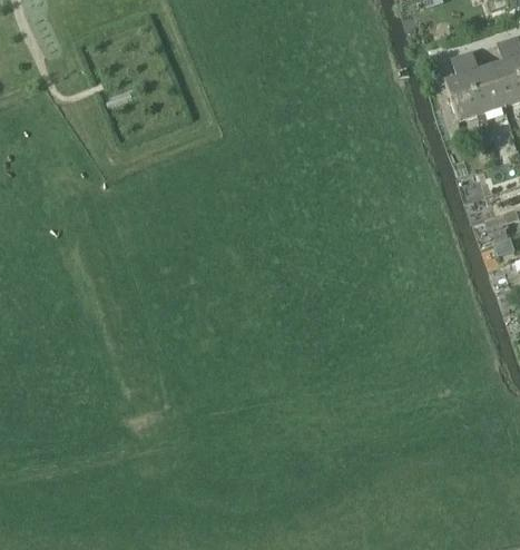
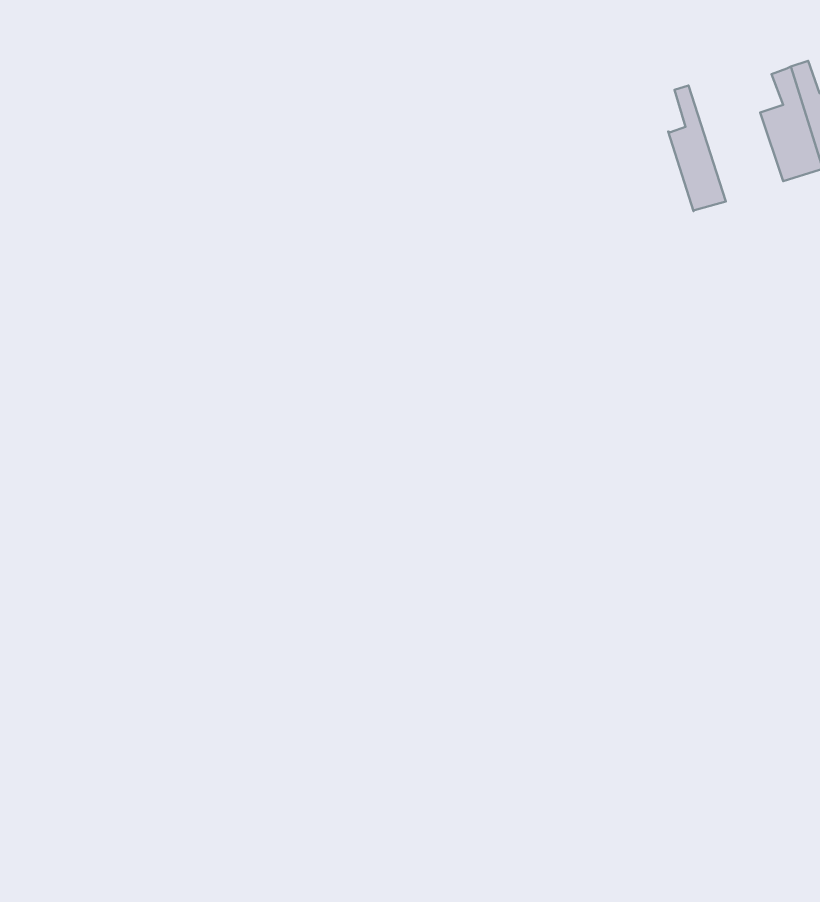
building: none -> [668,86,726,211]

